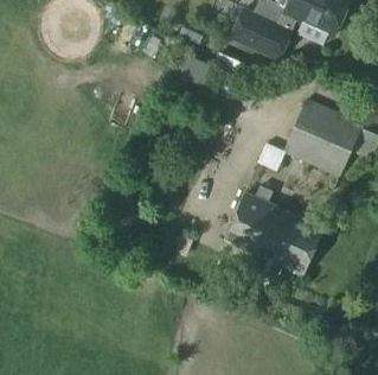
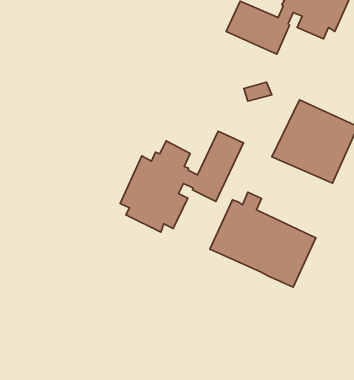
building: none -> [120,131,243,232]

